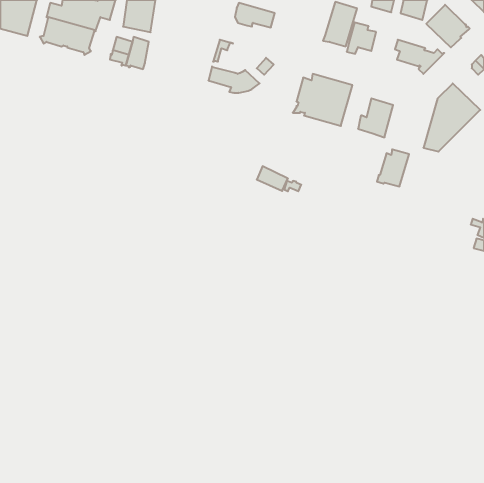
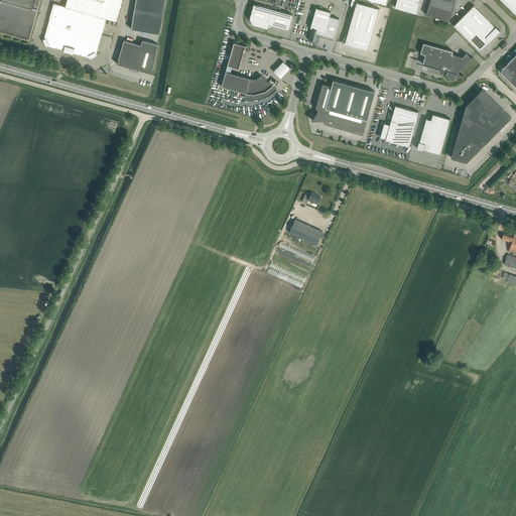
building: [347,22,376,54] -> [307,9,339,42]
building: [377,149,409,186] -> [416,115,450,154]
building: [257,166,288,191] -> [289,220,322,246]

